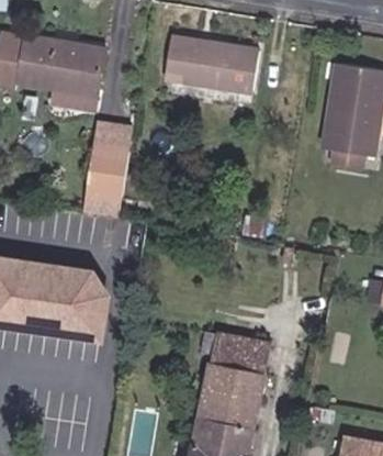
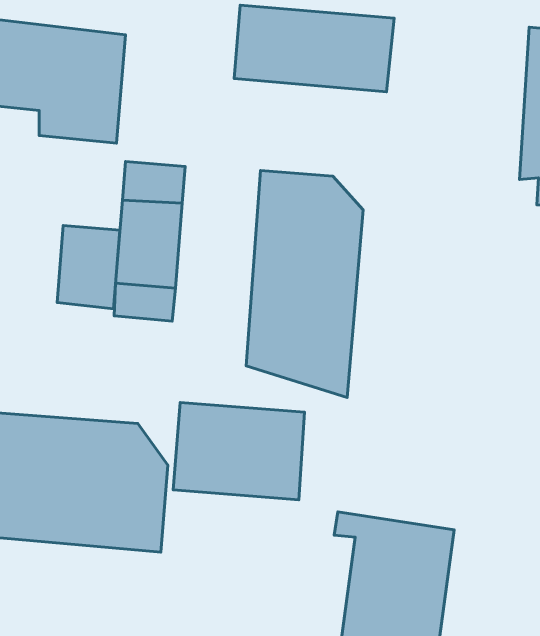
building: none -> [246,170,363,397]
building: none -> [57,226,120,309]
building: none -> [173,403,304,500]

